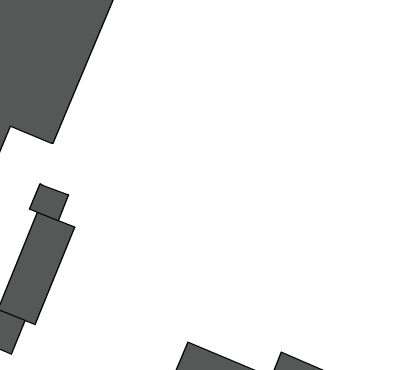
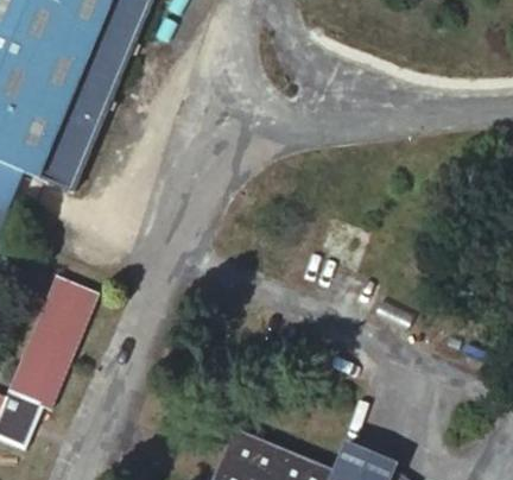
building: [29,184,68,221] -> none

